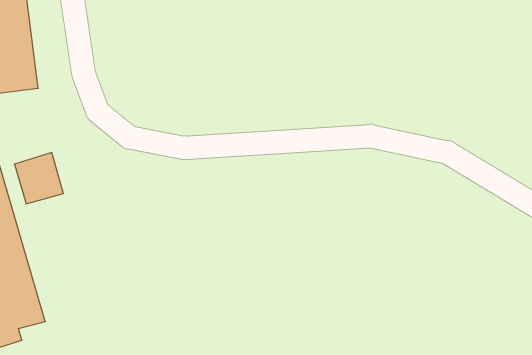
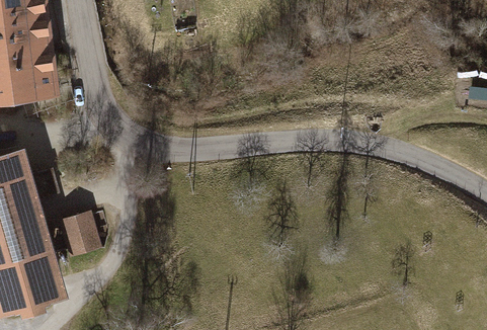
building: [14,153,63,204] -> [61,204,103,249]

